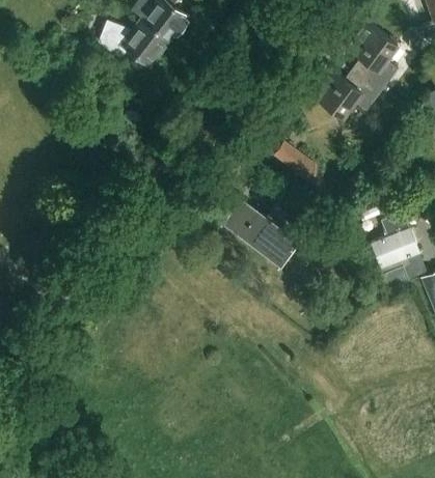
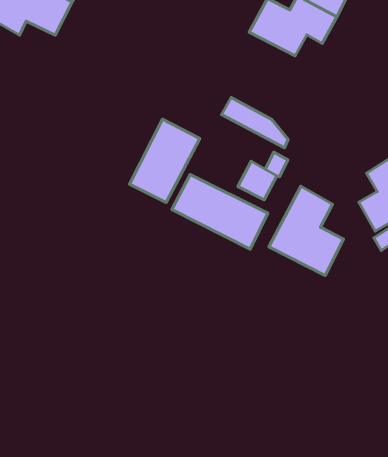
building: none -> [130,119,200,203]
building: none -> [269,186,344,275]

